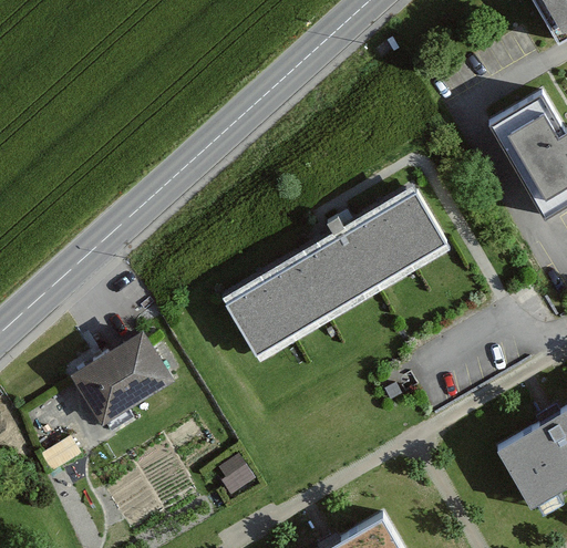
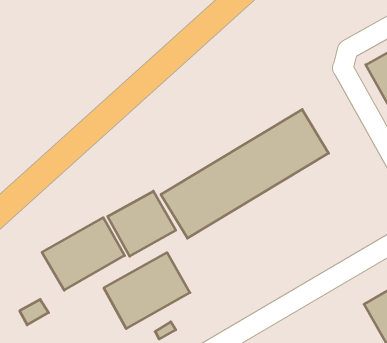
building: none -> [108,191,176,256]
building: none -> [104,253,190,329]

